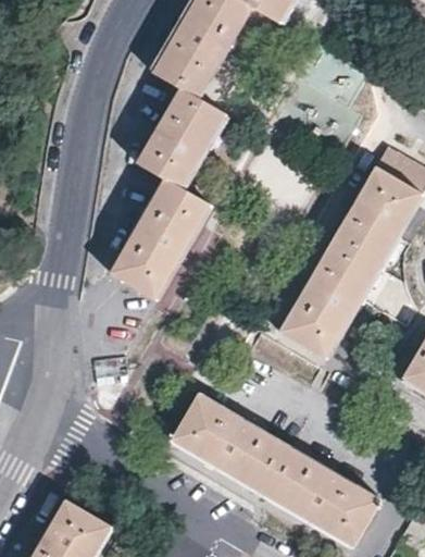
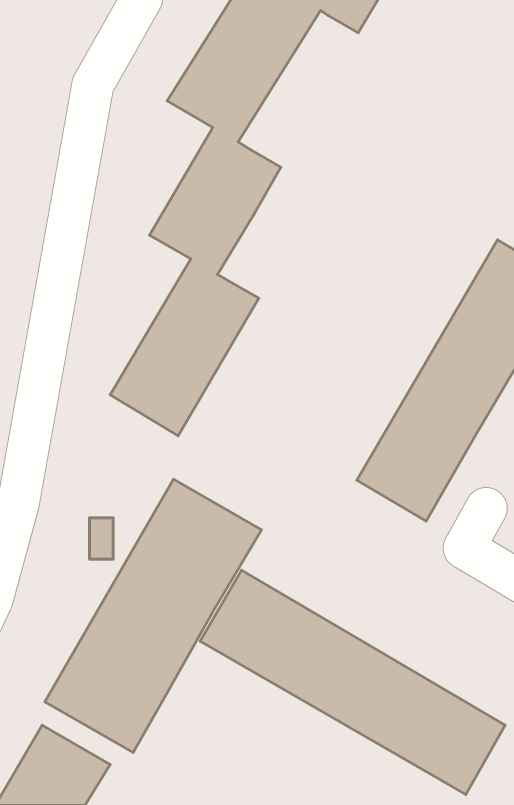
building: none -> [45,479,262,752]

